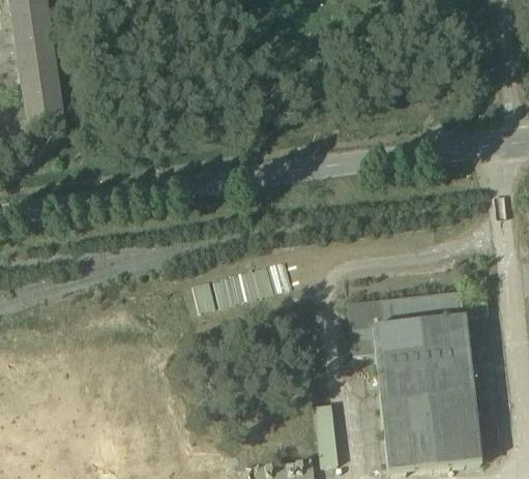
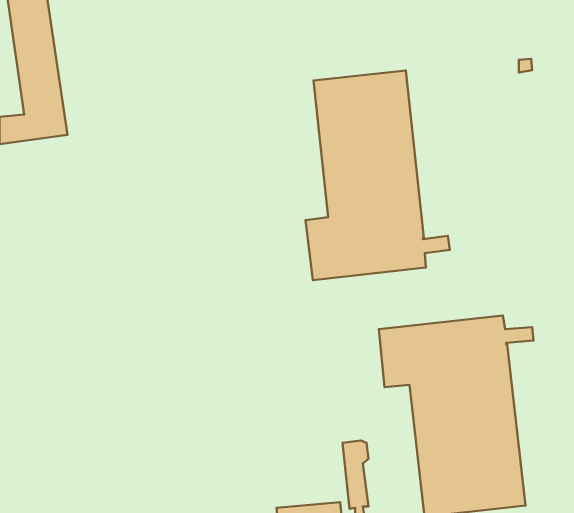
building: none -> [305,70,450,280]

